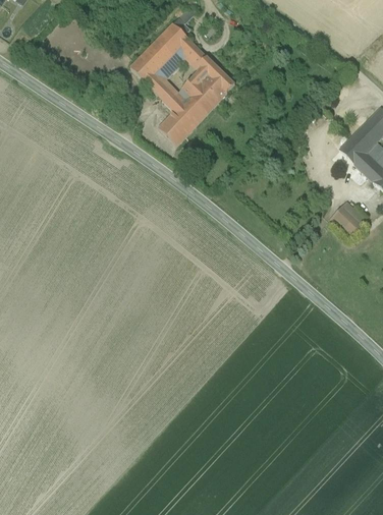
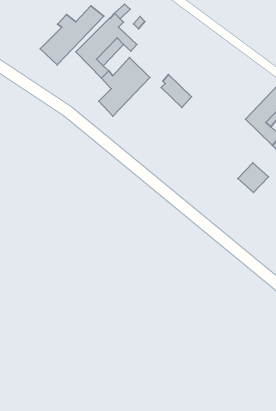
building: none -> [40,6,104,65]
building: [197,56,234,97] -> [161,74,192,107]

